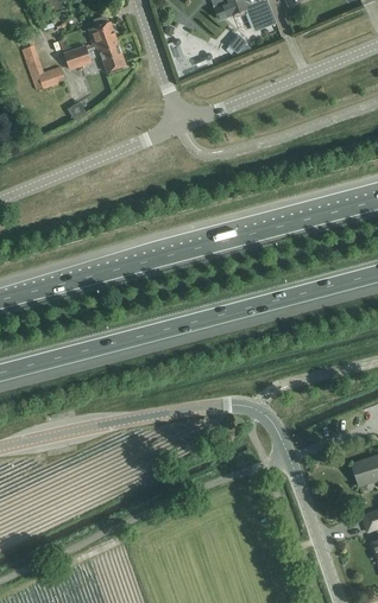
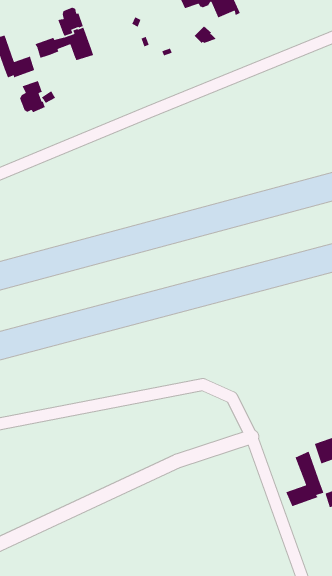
building: none -> [19,80,46,113]
building: none -> [285,451,324,507]

